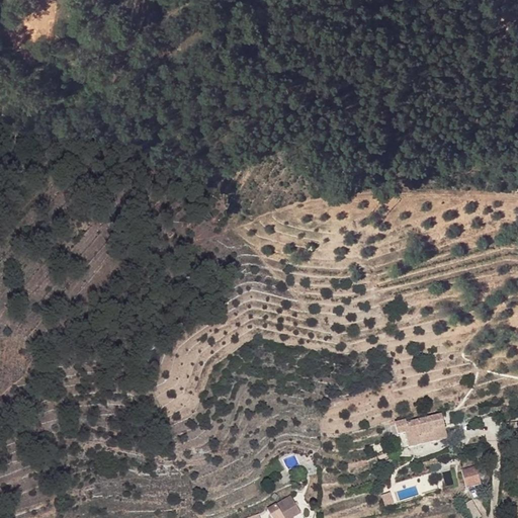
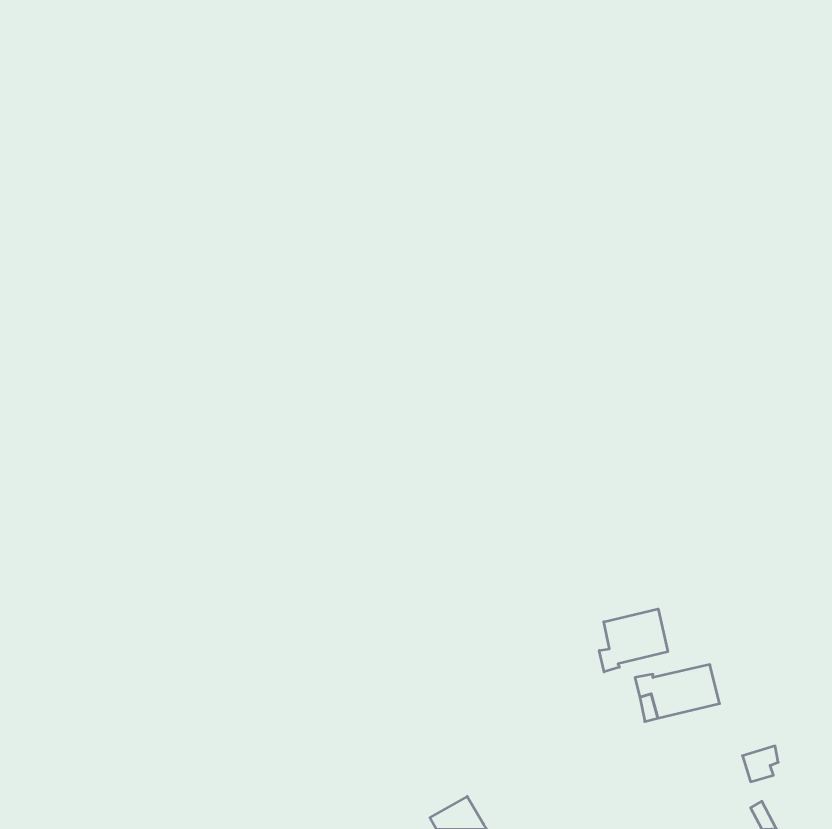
building: none -> [599,609,668,672]

